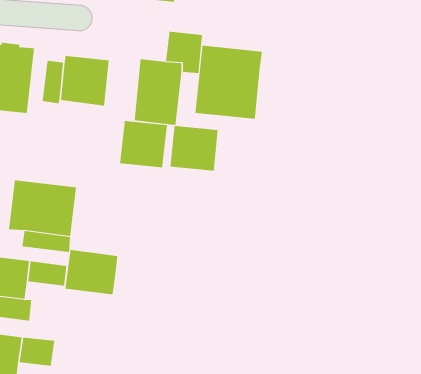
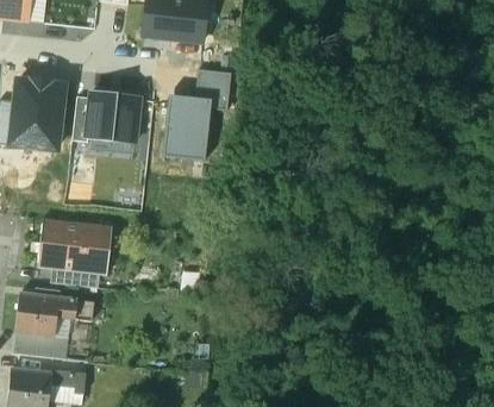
building: [195,45,263,120] -> none
building: [120,120,167,168] -> none
building: [170,125,218,172] -> none
building: [65,249,118,295] -> none

